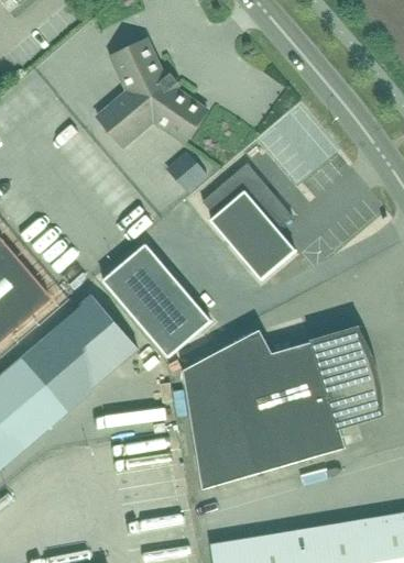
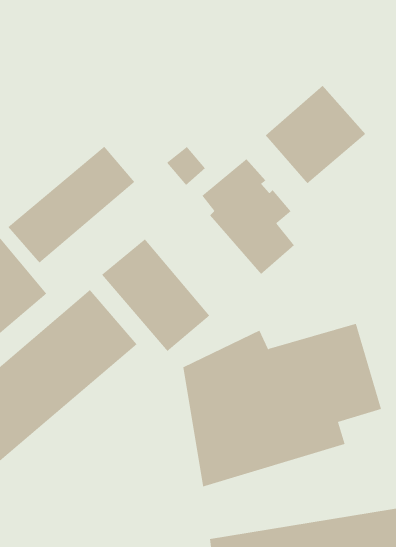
building: [98,40,207,147] -> none
building: none -> [265,85,366,184]
building: none -> [8,146,135,263]

